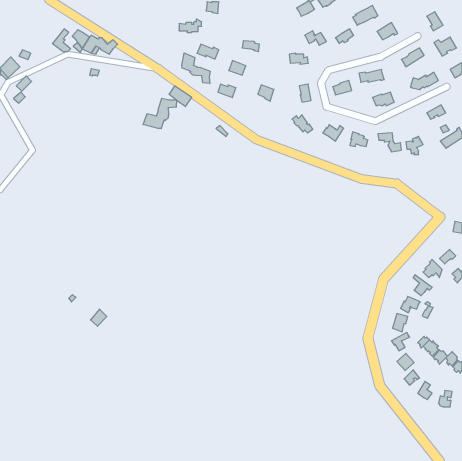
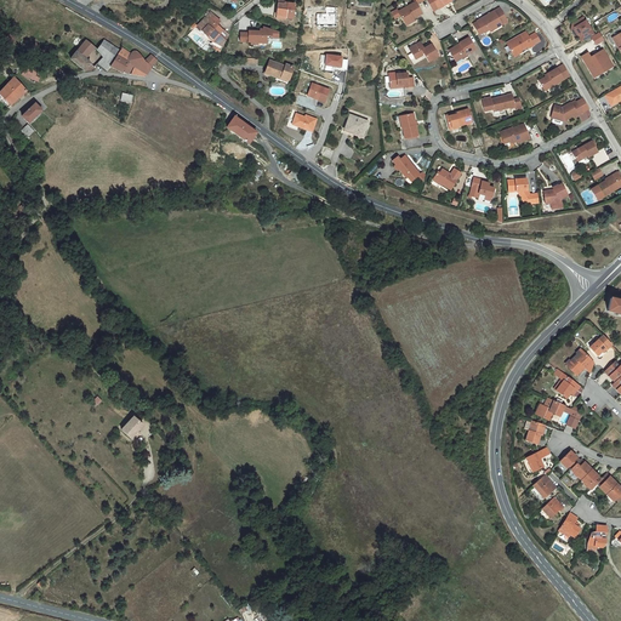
building: none -> [198,11,228,46]
building: [182,53,210,84] -> none
building: [143,98,176,129] -> none

